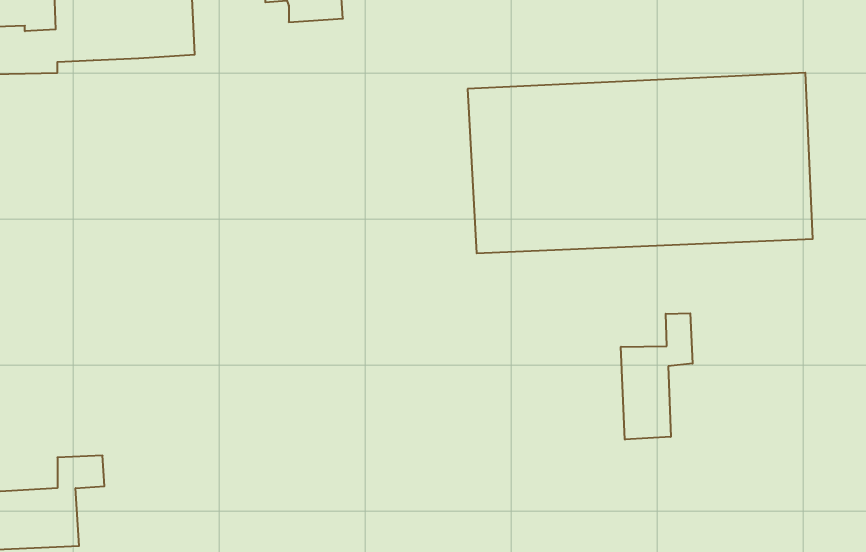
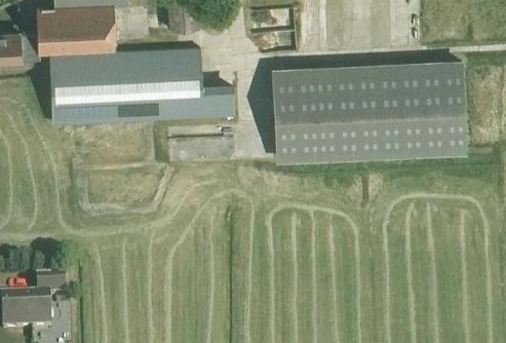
building: none -> [49,51,234,124]
building: [621,313,693,440] -> none

